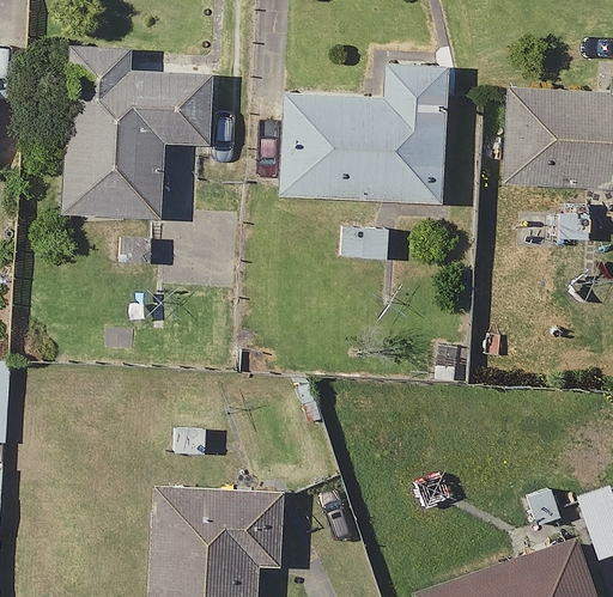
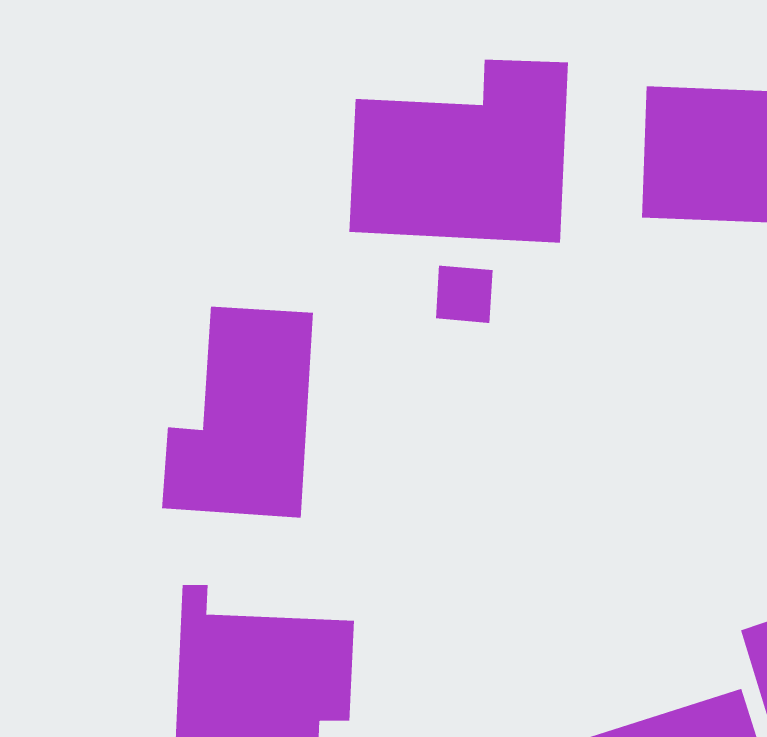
building: [60,56,213,220] -> none
building: none -> [162,306,314,518]

